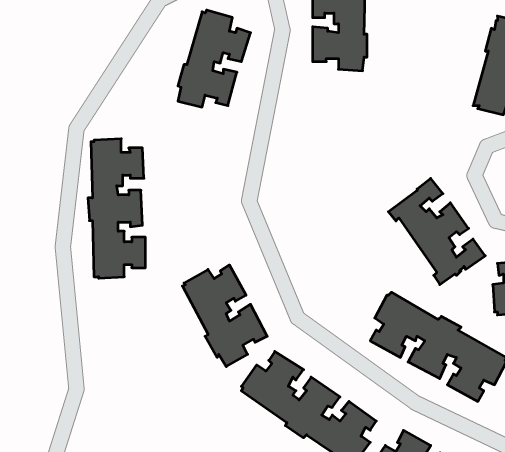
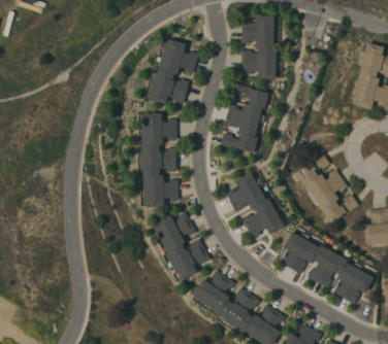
building: none -> [219,83,270,153]
building: [88,139,145,278] -> [138,112,177,207]
building: none -> [225,172,284,238]

